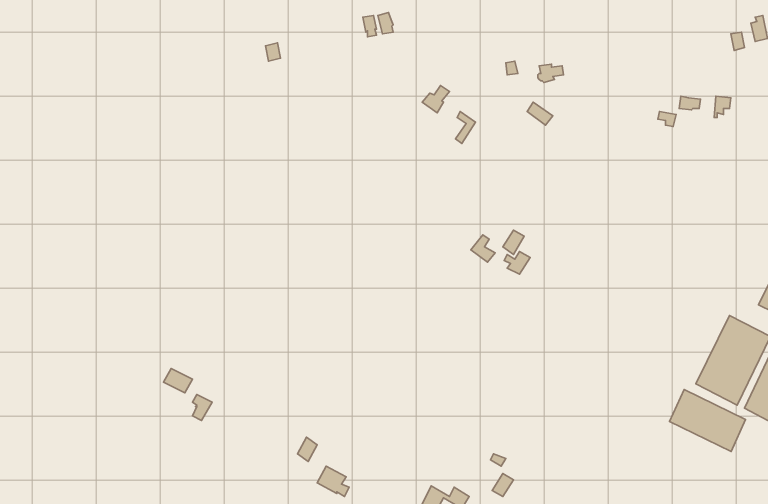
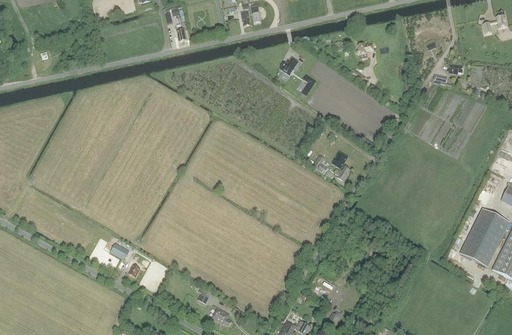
building: [670,390,746,452] -> none

